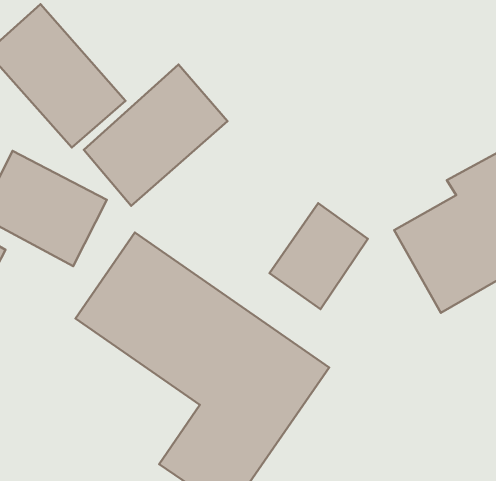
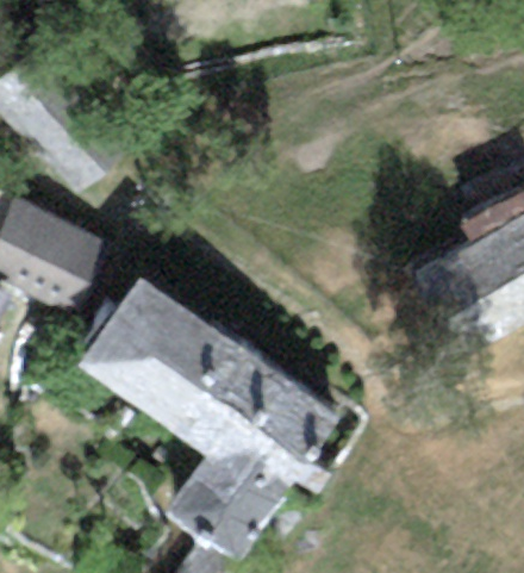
building: [84,64,228,206] -> none
building: [269,203,368,309] -> none

